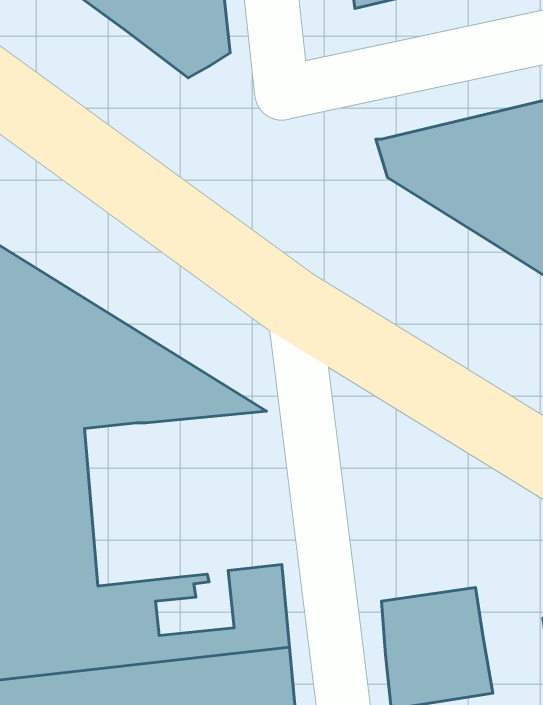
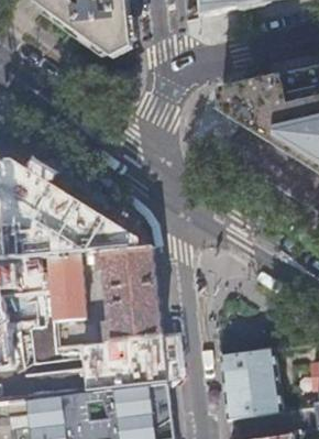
building: none -> [85,246,163,342]
building: none -> [50,253,86,347]

